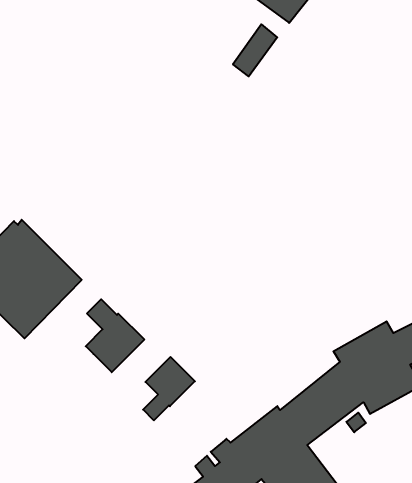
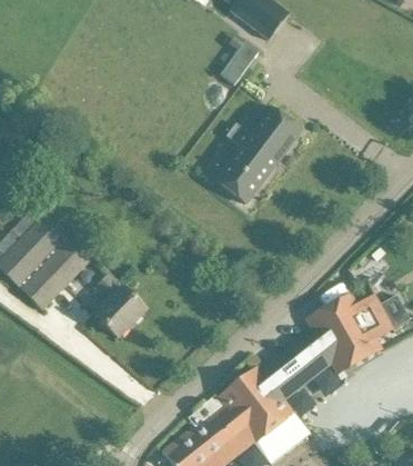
building: none -> [216,105,301,204]
building: [143,357,195,420] -> none

